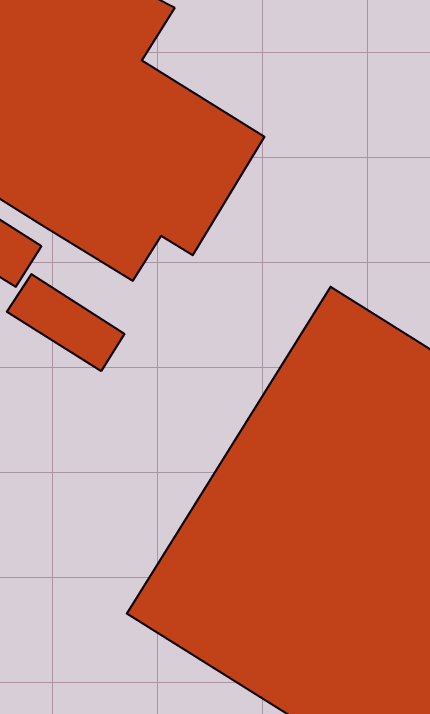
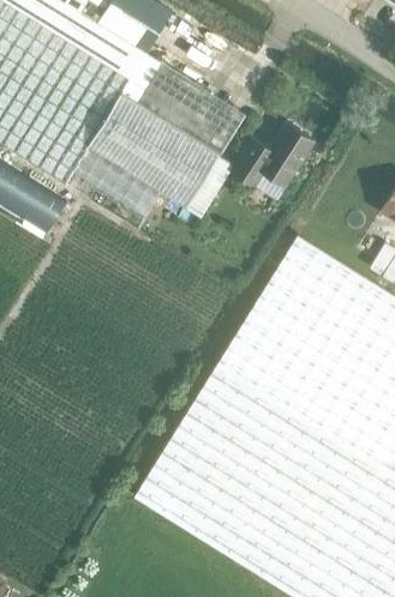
building: none -> [231,123,315,200]
building: [7,274,124,371] -> none

